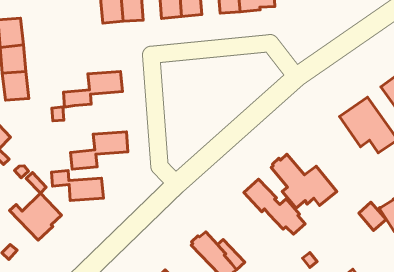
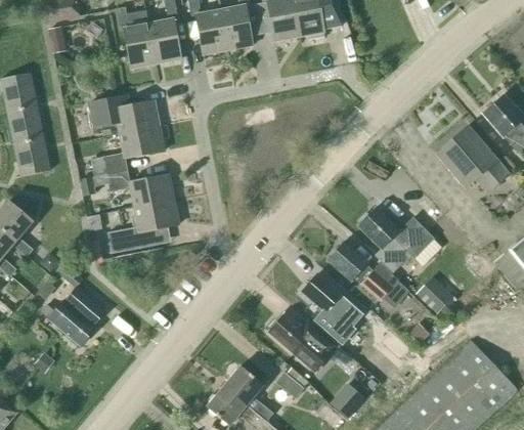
building: none -> [89,96,160,133]
building: [51,170,104,200] -> [107,170,175,207]
building: [359,202,386,231] -> [418,277,452,312]
building: none -> [302,273,364,343]

